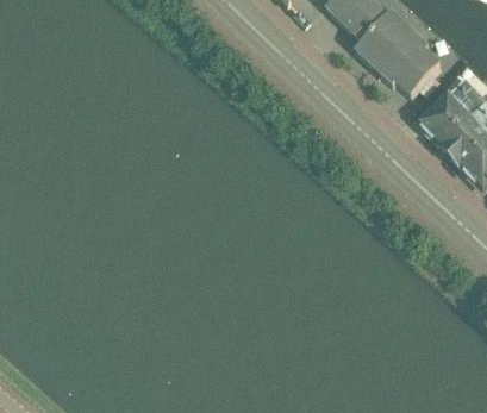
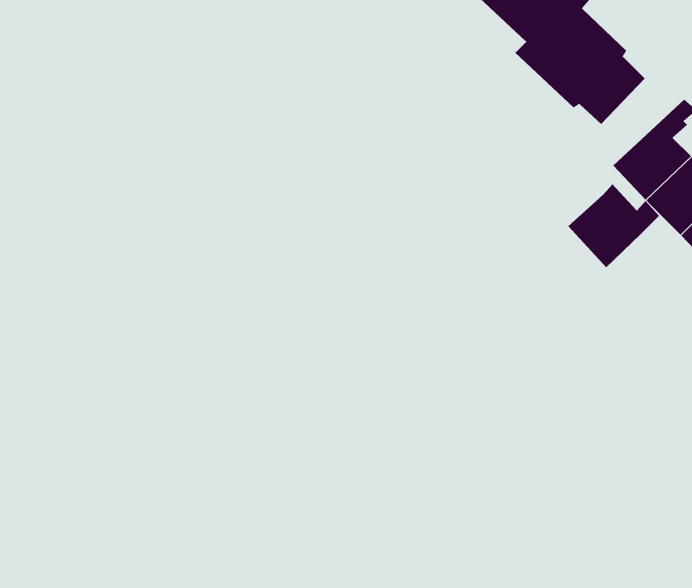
building: none -> [567,183,660,268]

